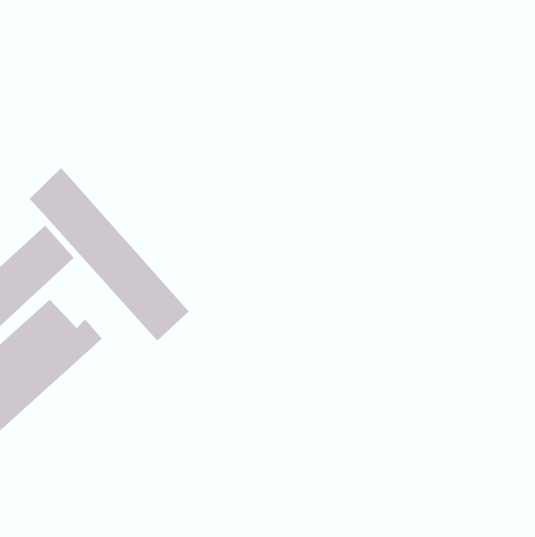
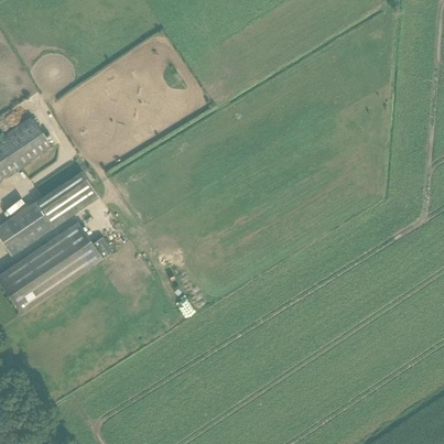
building: [29,167,189,341] -> none

